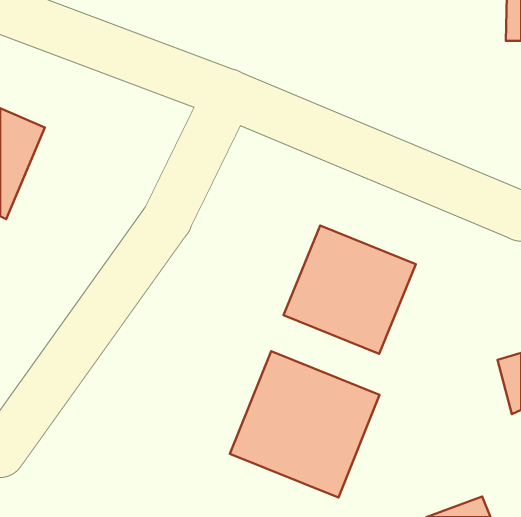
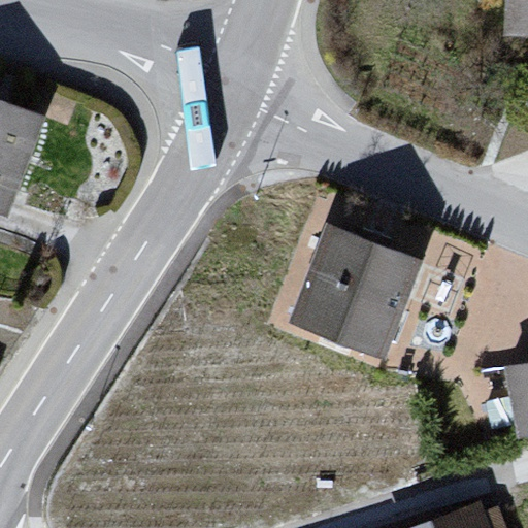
building: [230,351,380,498] -> none

